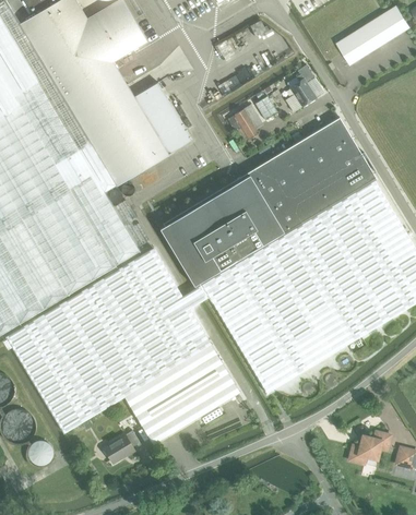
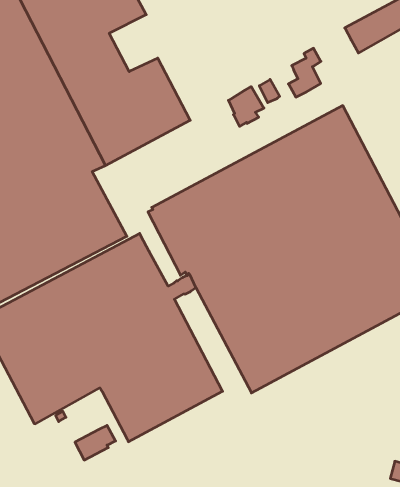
building: [349,431,390,463] -> none

